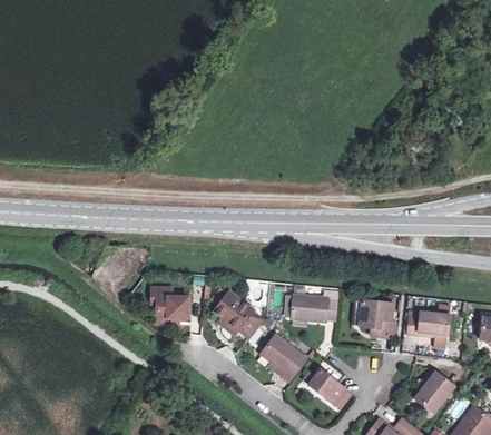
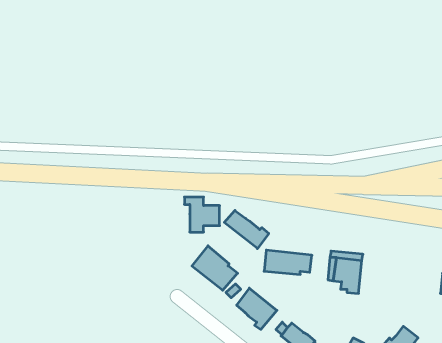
building: none -> [224,210,269,249]
building: [151,284,188,320] -> [184,197,220,232]
building: [410,313,449,335] -> none

